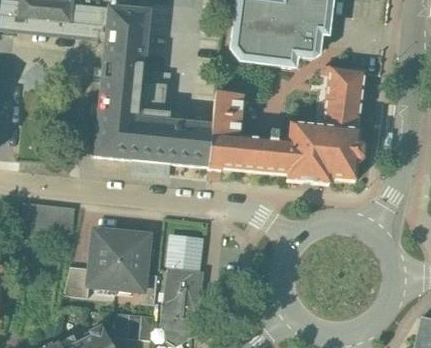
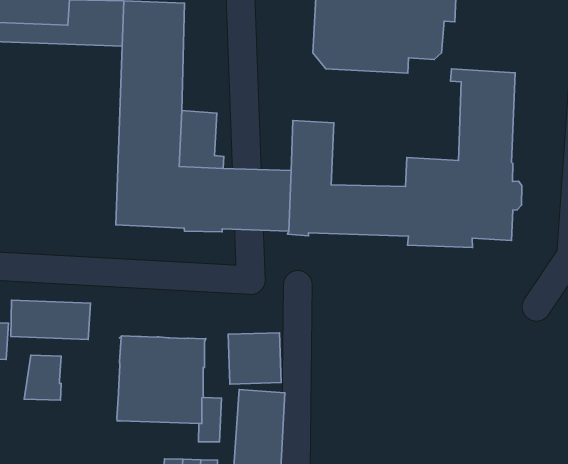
building: [65,264,91,295] -> [24,355,61,400]

